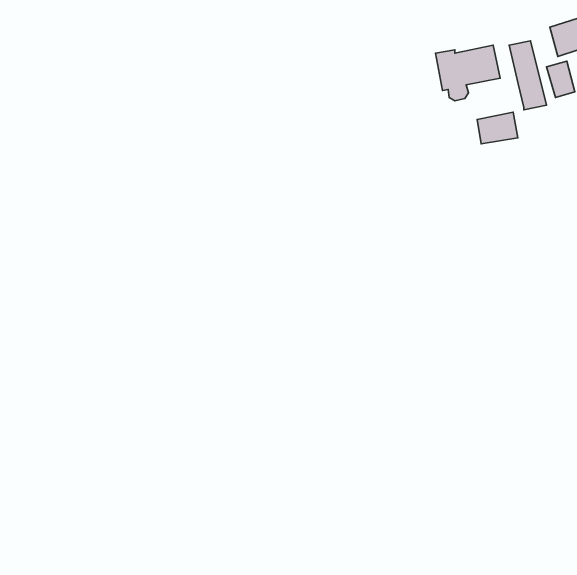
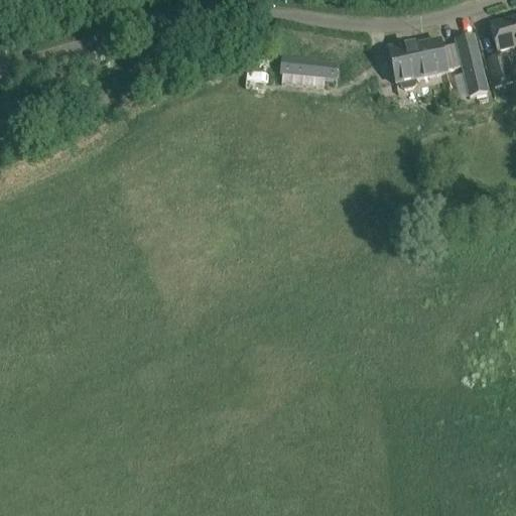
building: none -> [281,56,338,79]
building: [477,112,518,144] -> none

